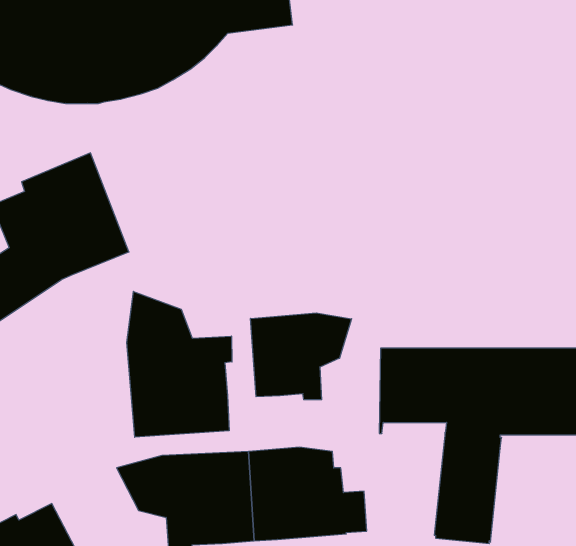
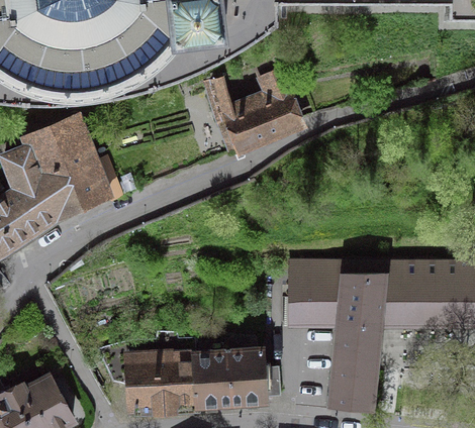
building: none -> [204,63,299,149]
building: [127,291,232,437] -> none
building: [251,313,352,400] -> none

